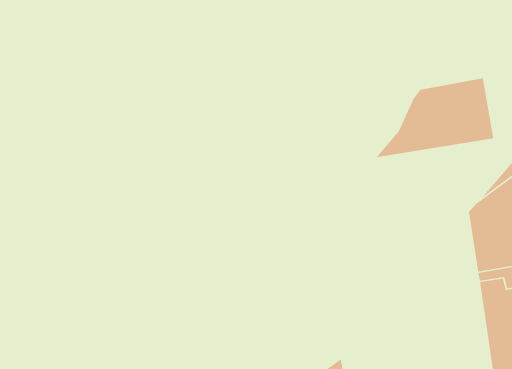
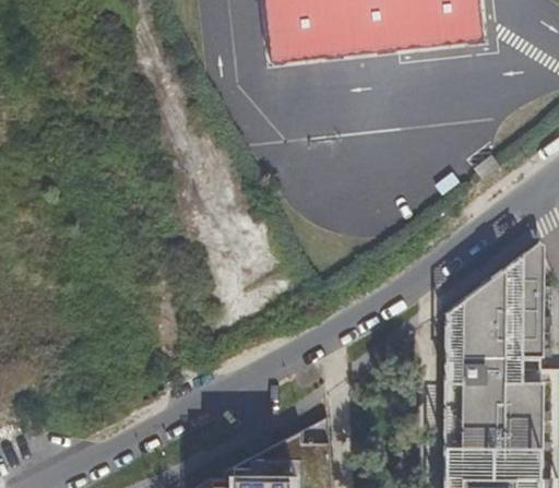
building: [375,77,494,158] -> none

